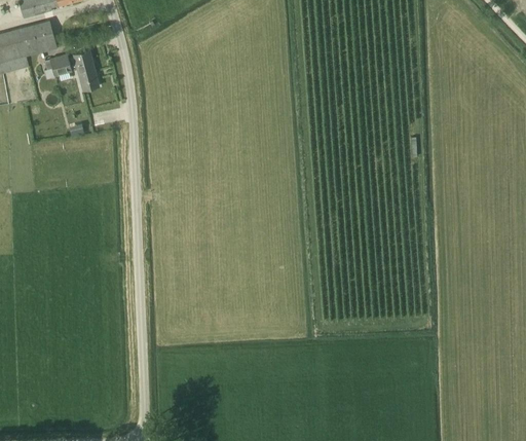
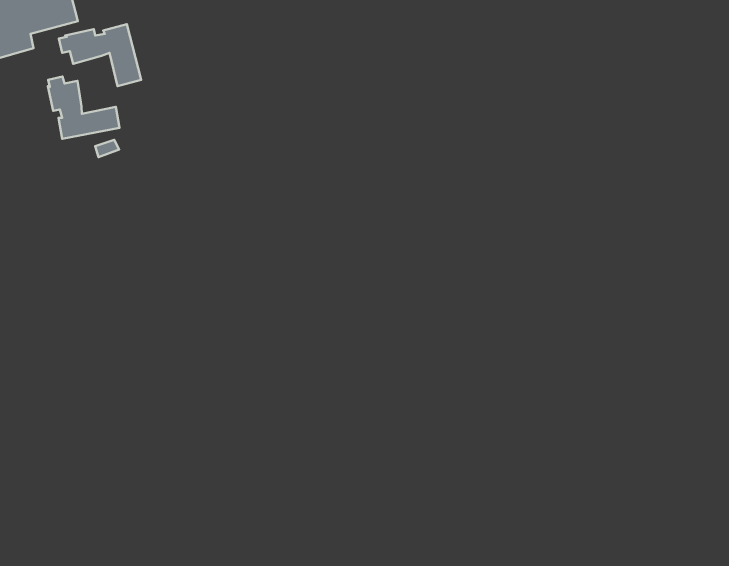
building: none -> [48,77,119,139]

